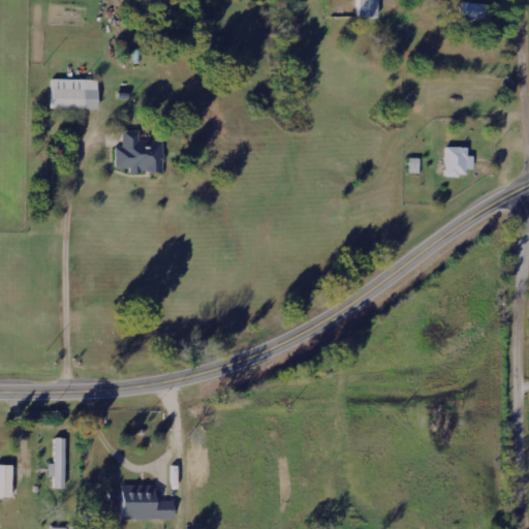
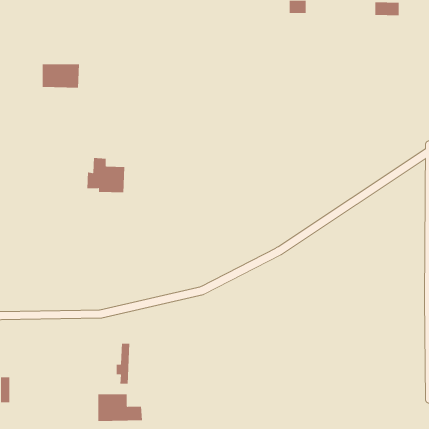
building: [115,129,162,173] -> [86,158,125,193]
building: [444,147,467,176] -> none
building: [49,437,66,488] -> [116,343,130,384]

